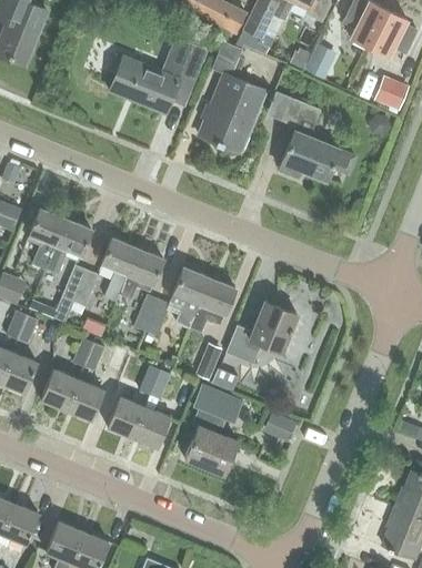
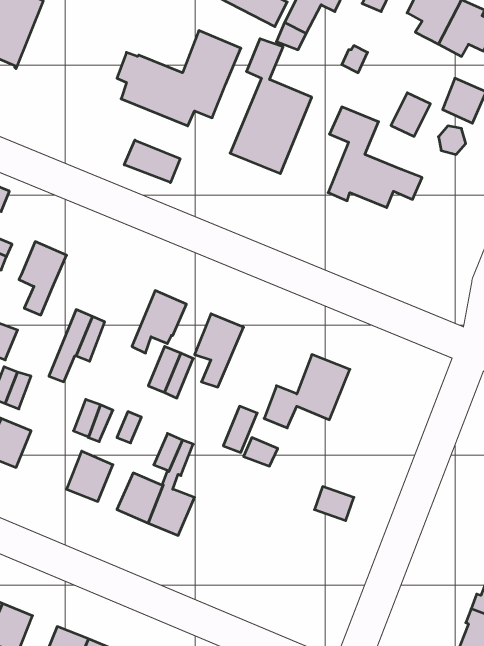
building: [304,43,336,79] -> [391,93,430,136]
building: none -> [124,140,180,183]
building: [44,219,91,273] -> none
building: [101,237,138,301] -> none
building: [189,277,235,332] -> none
building: [41,368,78,409] -> none
building: [184,384,243,475] -> none

